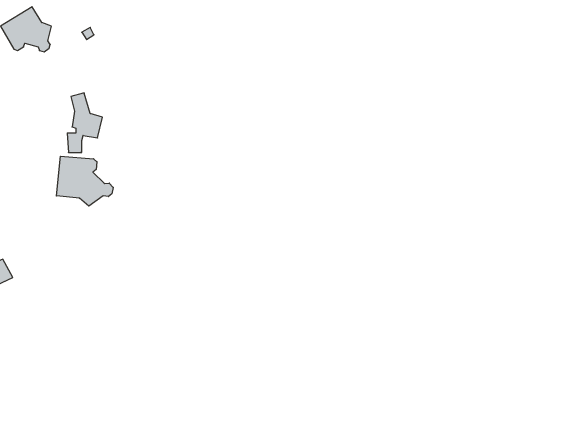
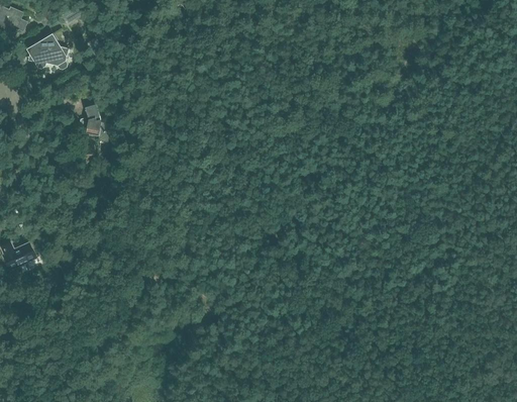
building: [56,156,113,206] -> none

